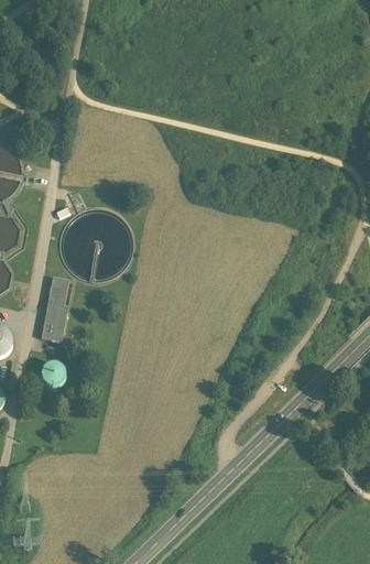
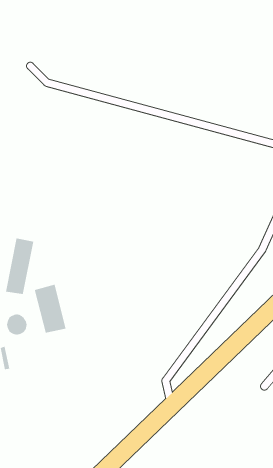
building: none -> [34,284,66,334]

